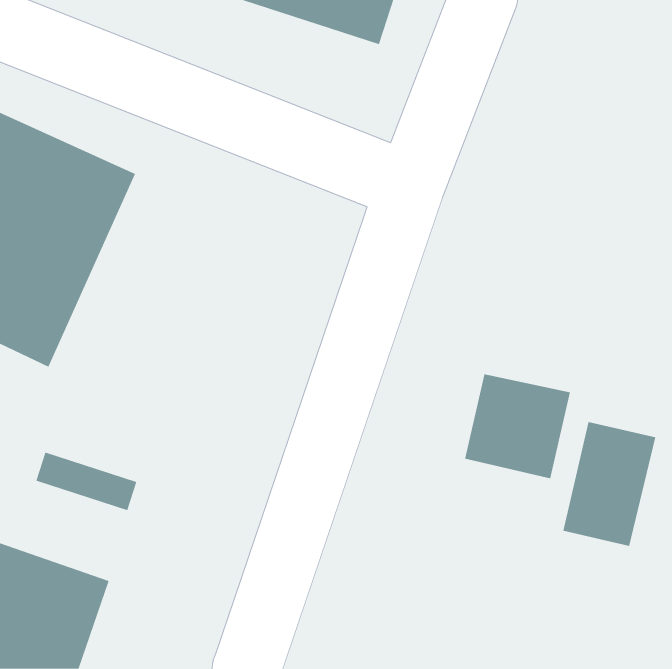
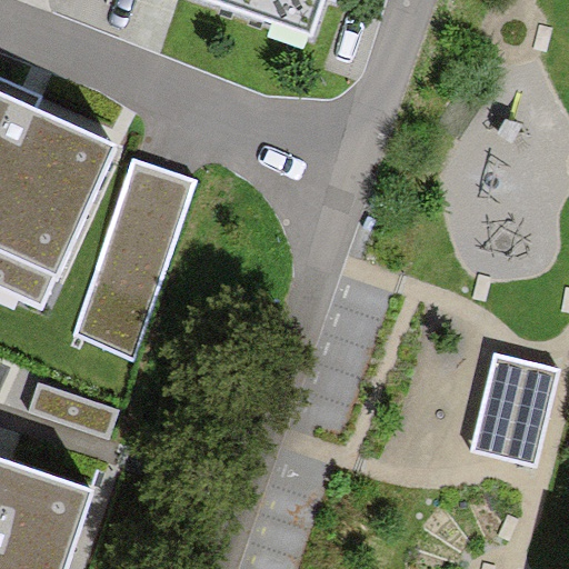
building: none -> [74,160,194,350]
building: [465,373,571,479] -> none

